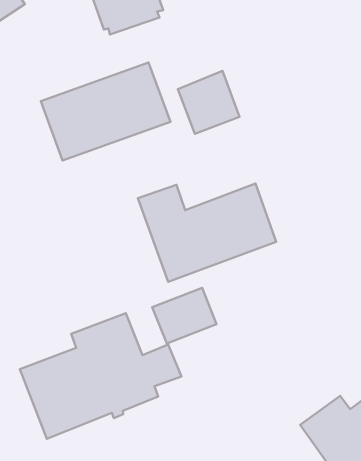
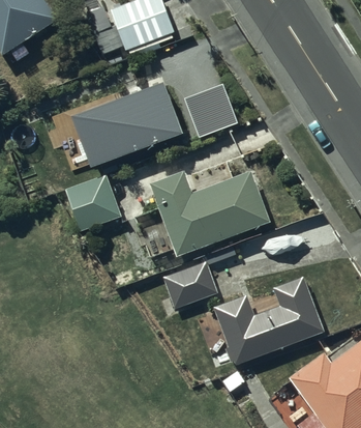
building: none -> [66,177,120,231]
building: none -> [215,277,325,365]
building: [20,313,181,439] -> none

